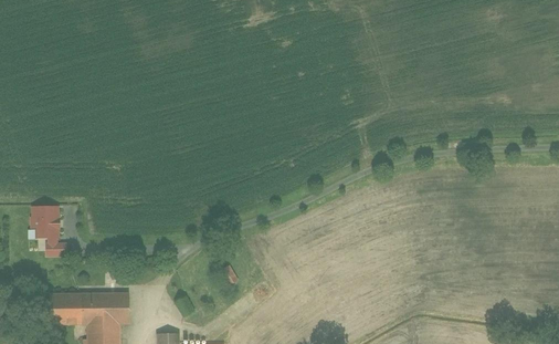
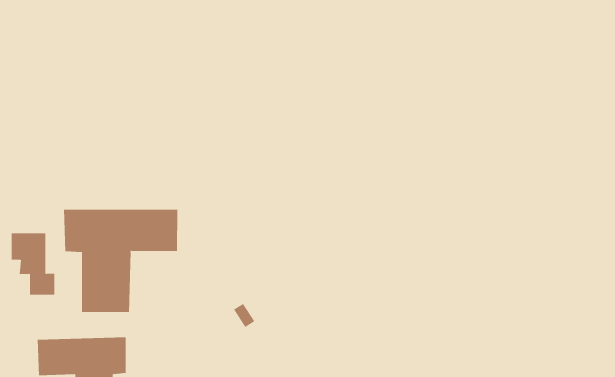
building: none -> [64,209,178,313]

